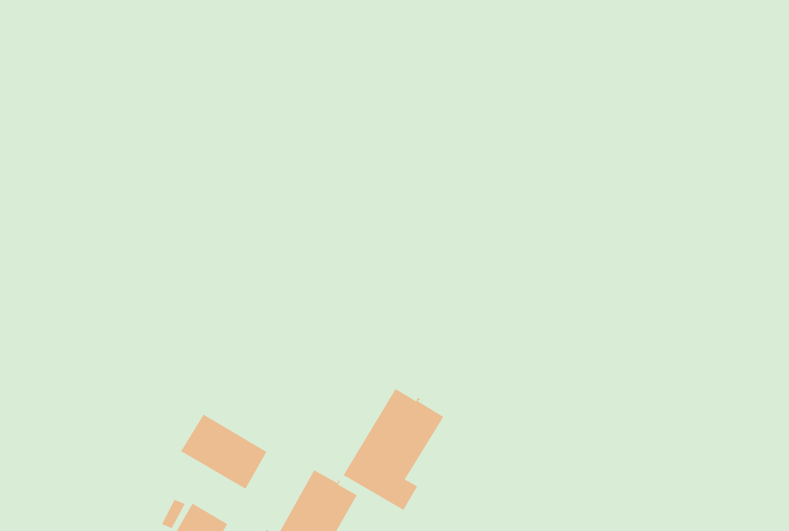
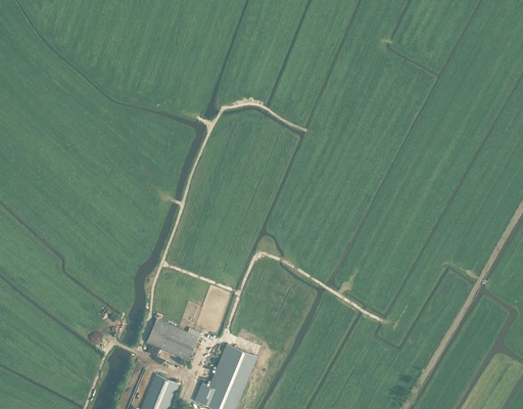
building: [343,388,444,511] -> none

